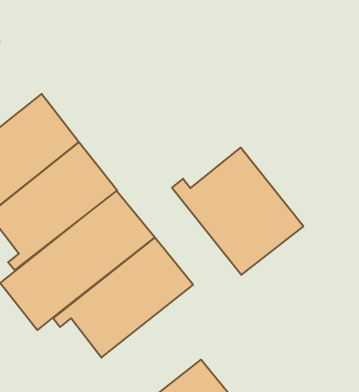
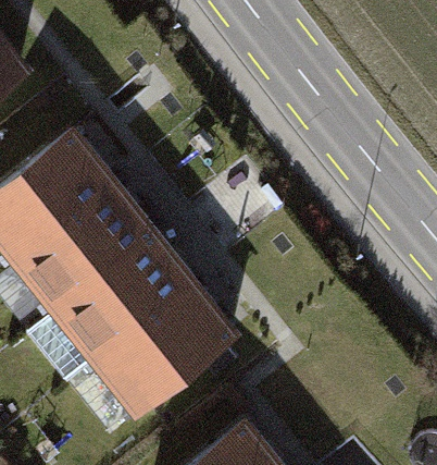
building: [172,148,303,275] -> none

